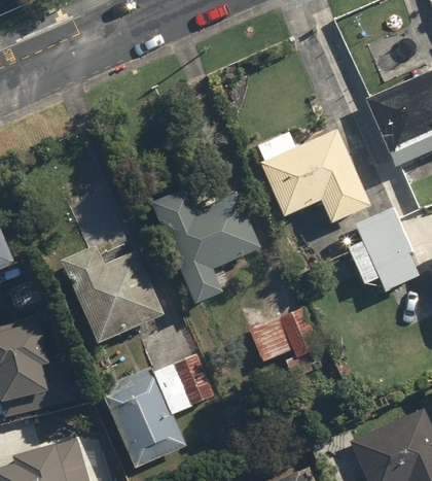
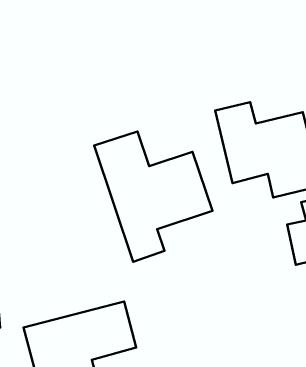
building: [61,247,166,344] -> none
building: [246,306,316,364] -> none

